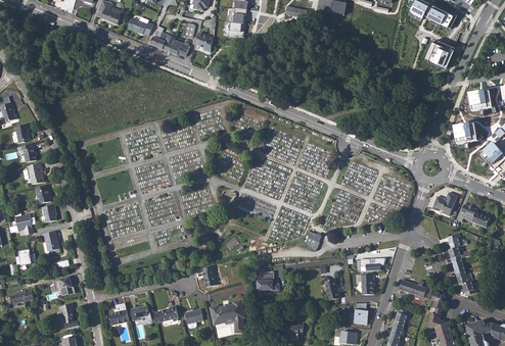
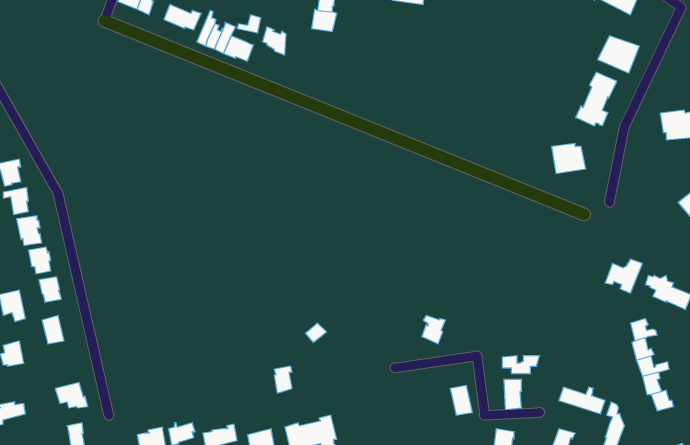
building: none -> [576,72,616,126]
building: [454,123,477,144] -> [551,144,586,173]
building: [257,271,279,294] -> none

